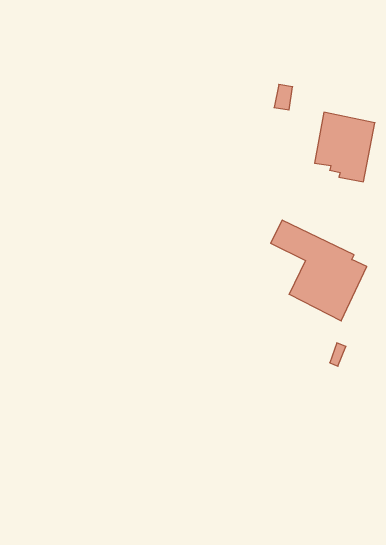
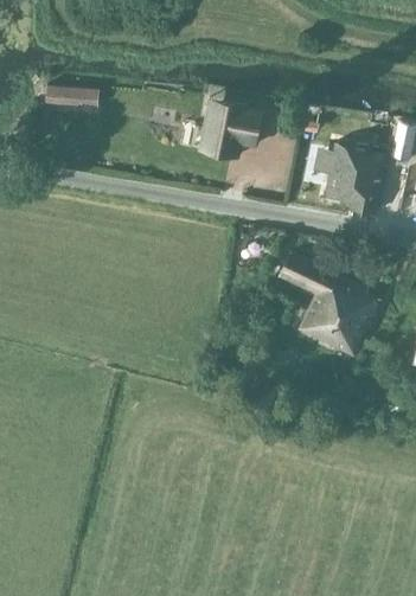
building: none -> [44,85,98,108]
building: none -> [199,100,260,158]

